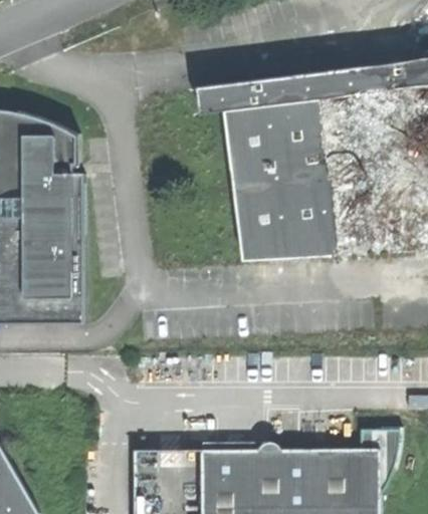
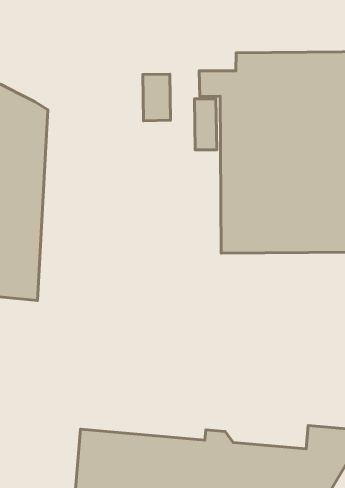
building: none -> [143,74,171,121]

